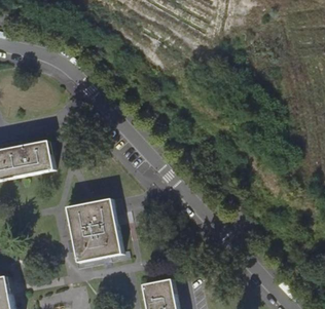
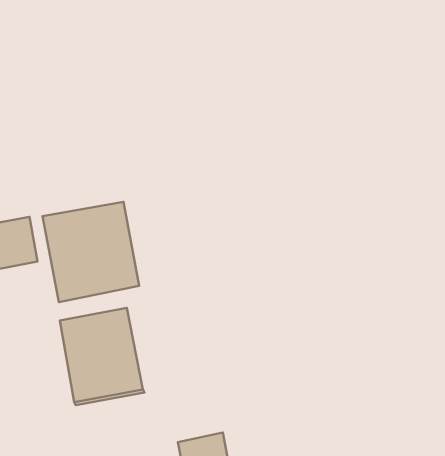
building: none -> [42,202,139,302]

